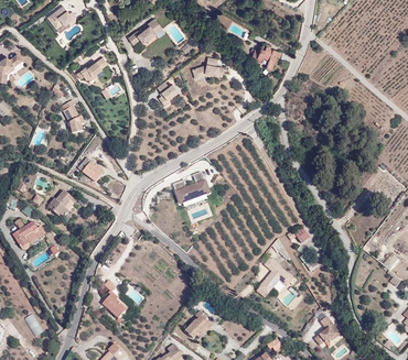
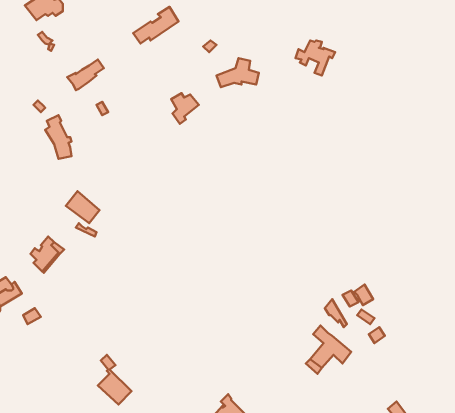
building: [171,170,207,201] -> none

